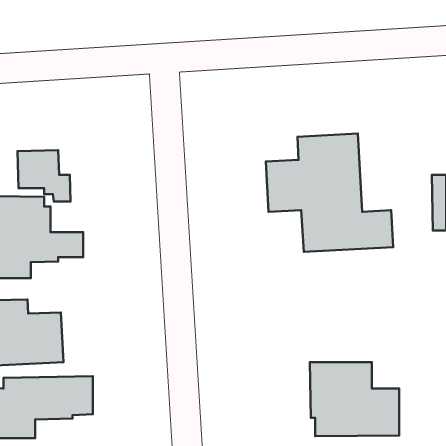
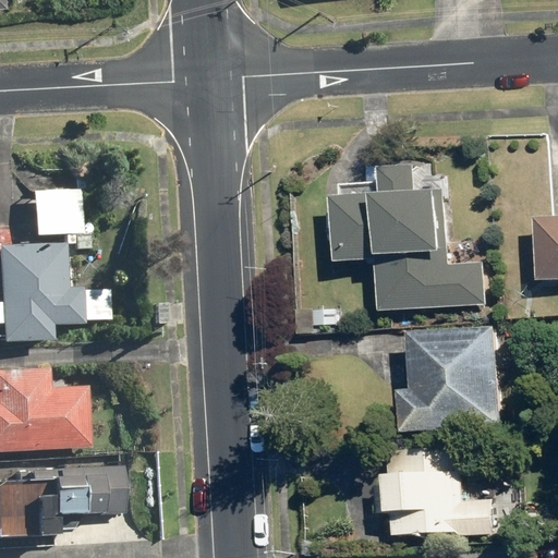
building: none -> [401,327,500,433]

